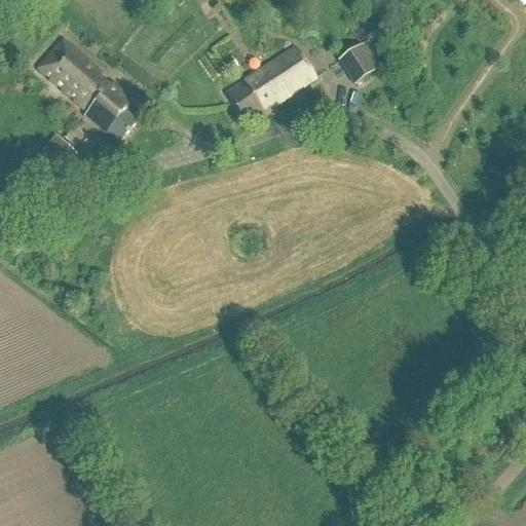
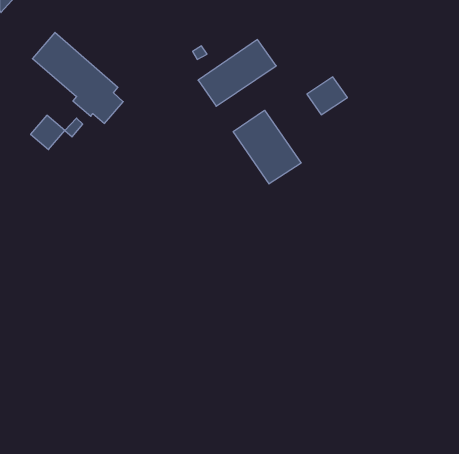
building: [337,37,383,80] -> [307,77,347,115]
building: none -> [233,110,301,184]

